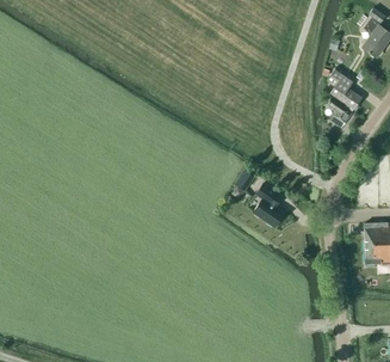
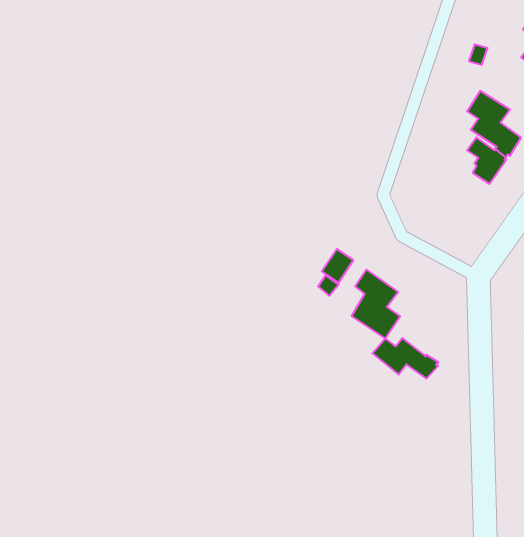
building: none -> [372,338,438,379]

